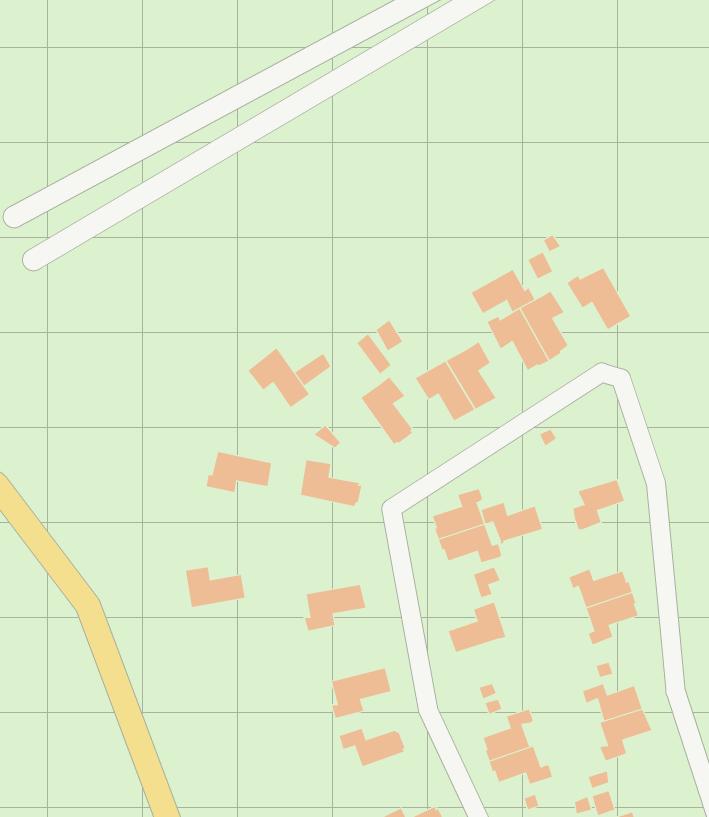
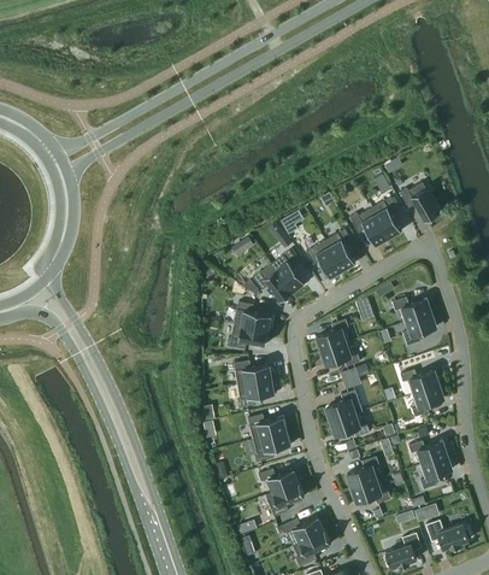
building: [471,269,535,314] -> none
building: [247,348,310,408] -> [253,263,291,300]
building: [206,452,272,492] -> [226,323,267,348]
building: [481,502,543,545] -> [391,297,430,323]
building: [185,567,246,608] -> [234,359,271,385]
building: none -> [330,412,369,436]
building: none -> [247,413,287,439]
building: none -> [265,482,304,516]

